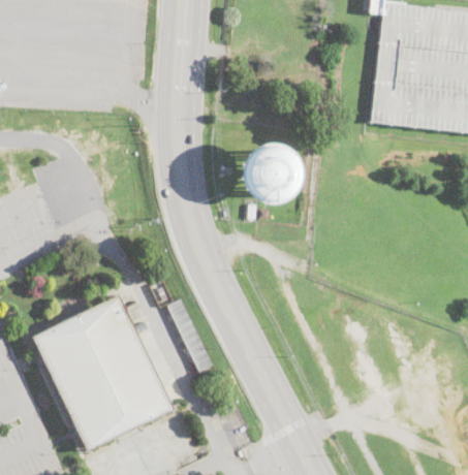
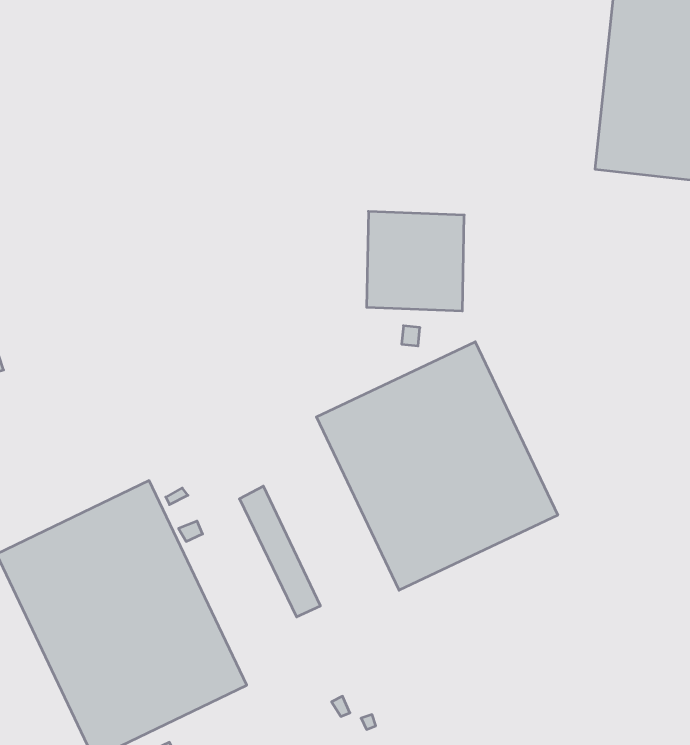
building: none -> [316,342,558,590]

